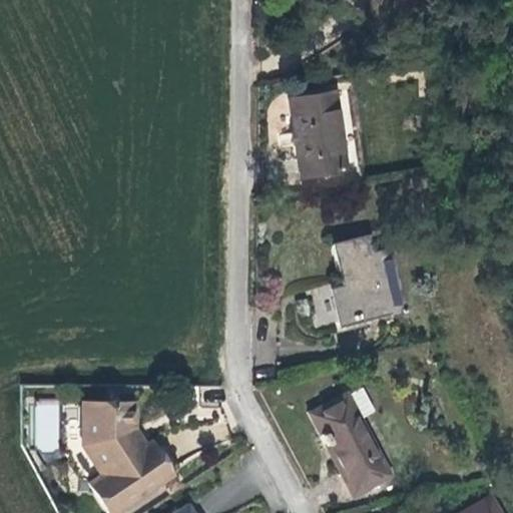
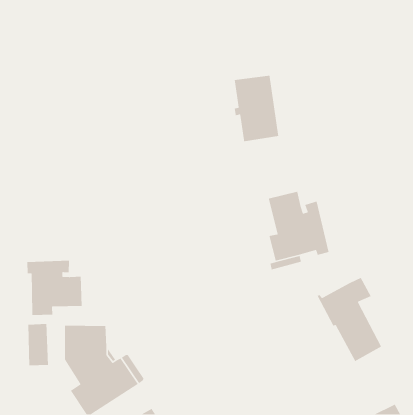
building: none -> [27,260,83,316]
building: [308,388,389,493] -> [317,277,382,362]

